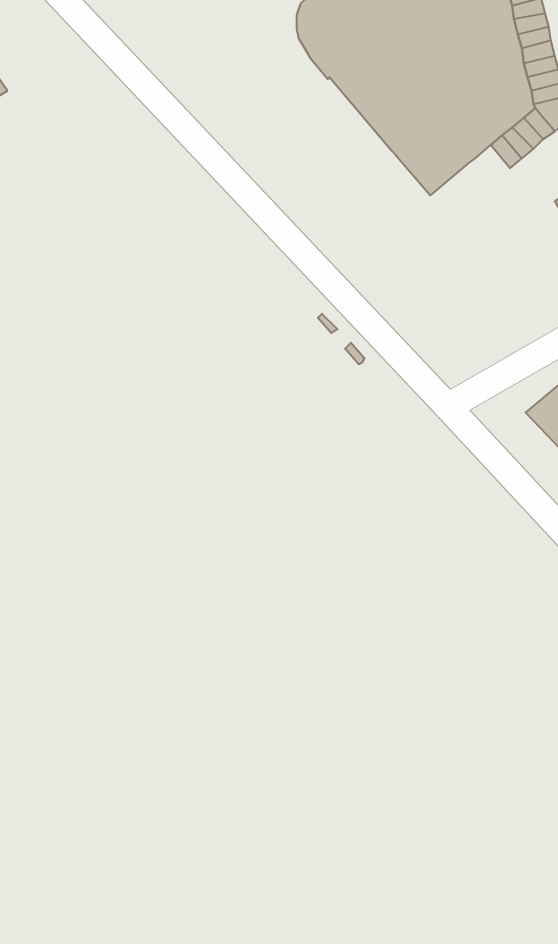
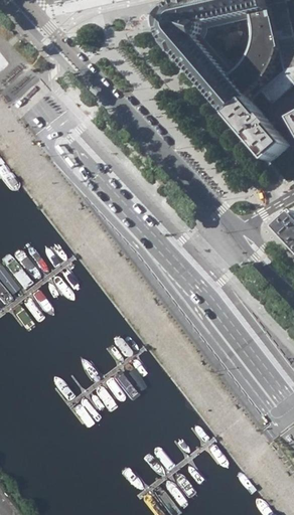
building: none -> [225,99,285,162]

